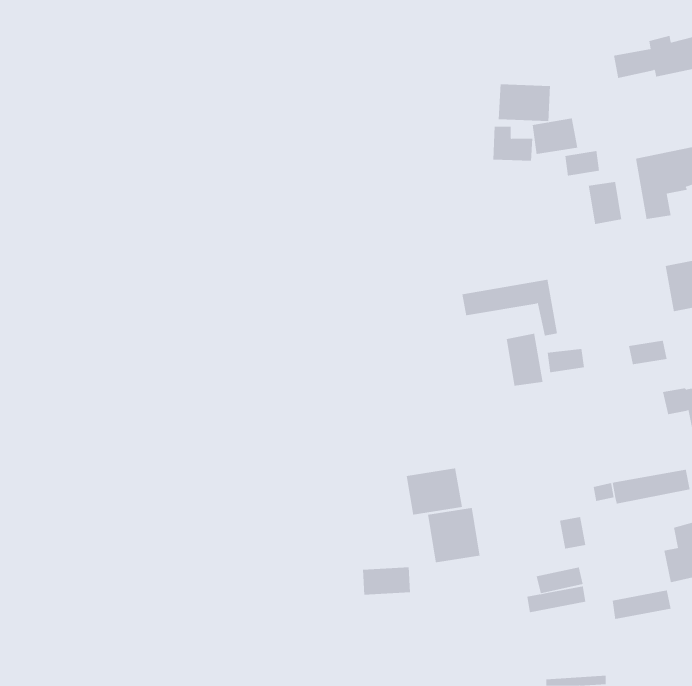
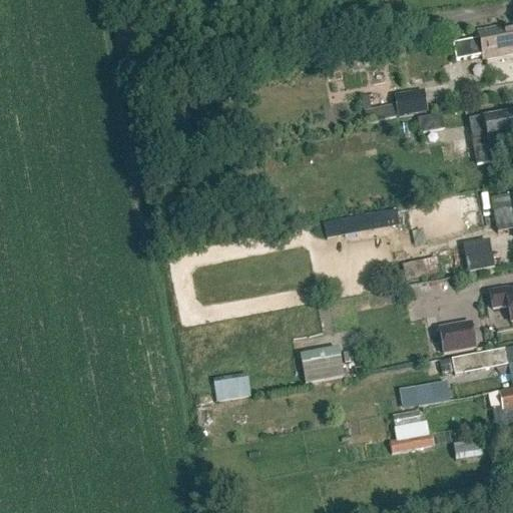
building: [498,83,551,122] -> none
building: [588,181,622,225] -> none
building: [506,333,543,387] -> none
building: none -> [438,319,476,353]
building: [428,507,480,563] -> none
building: [362,567,411,595] -> [216,376,252,397]

